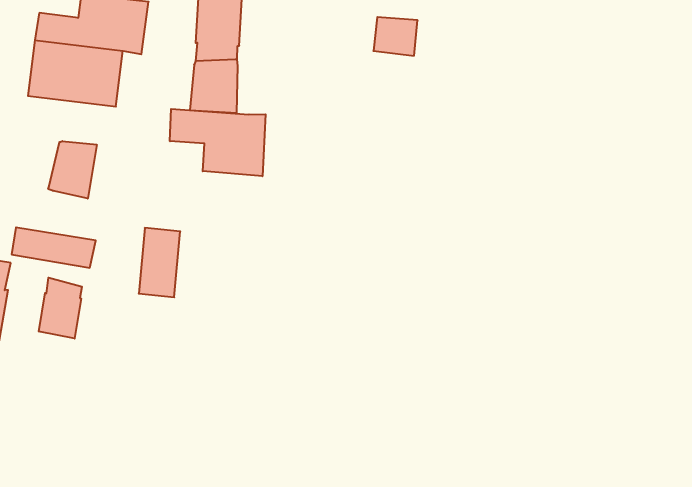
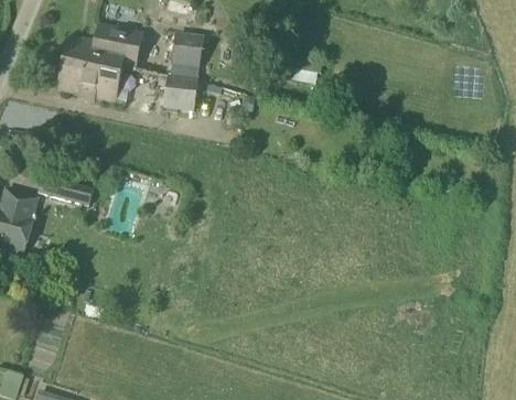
building: [170,109,266,176] -> none
building: [48,141,97,199] -> none
building: [39,278,82,339] -> none

